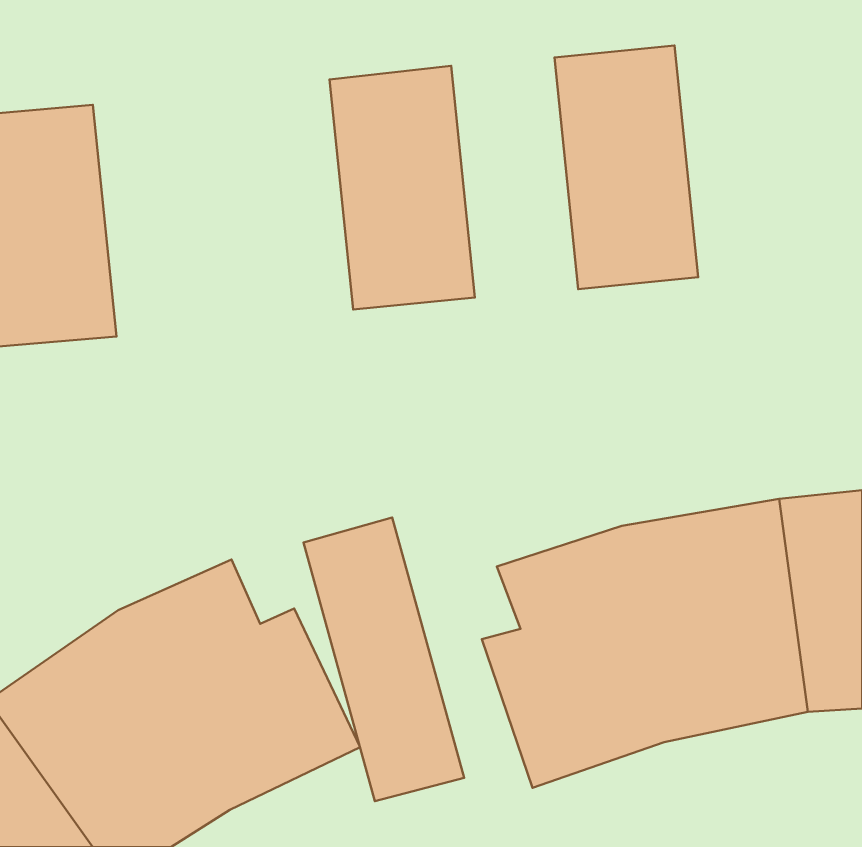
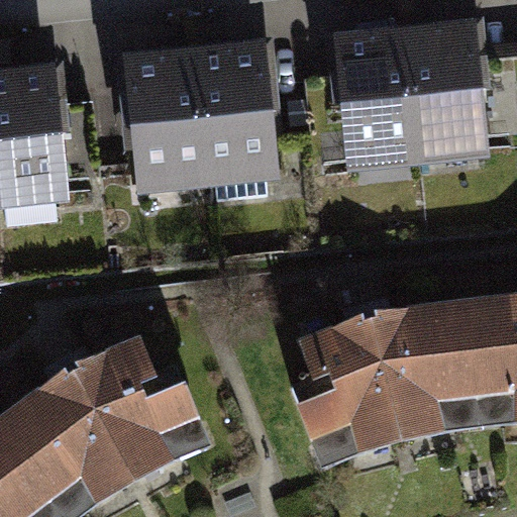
building: none -> [403,20,490,166]
building: none -> [125,47,211,193]
building: [304,517,464,801] -> none

